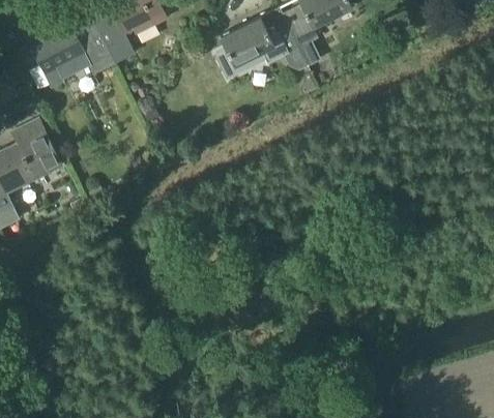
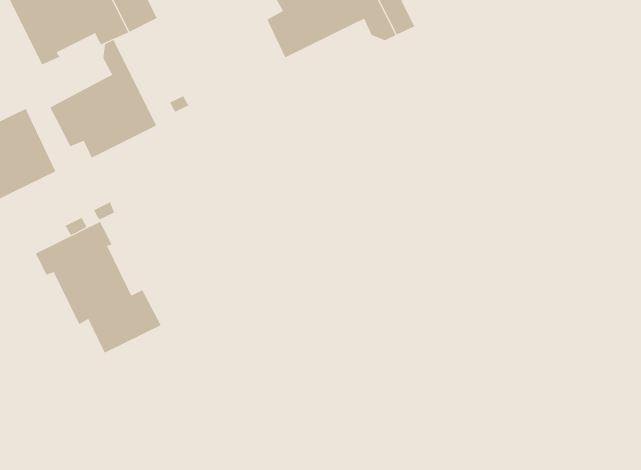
building: none -> [49,39,157,159]
building: none -> [35,221,161,353]

